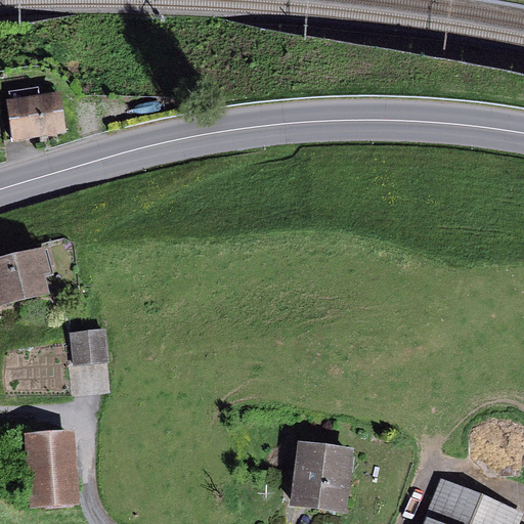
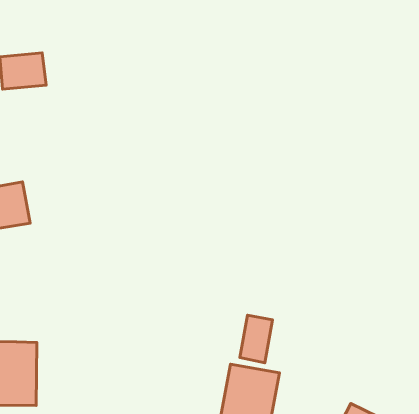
building: [69,328,107,364] -> none
building: none -> [240,315,273,363]

